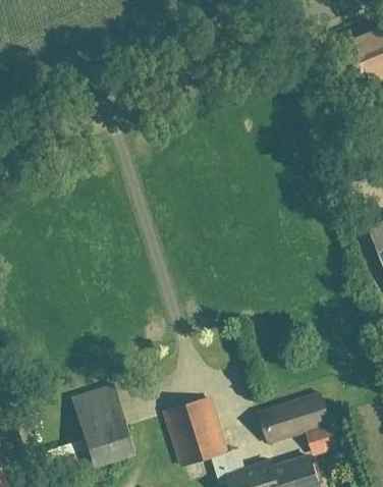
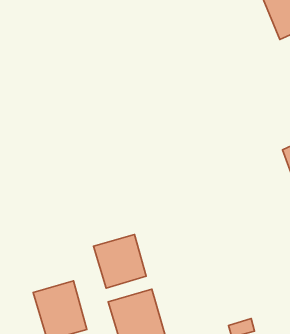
building: none -> [93,234,146,288]
building: [257,396,330,439] -> none

